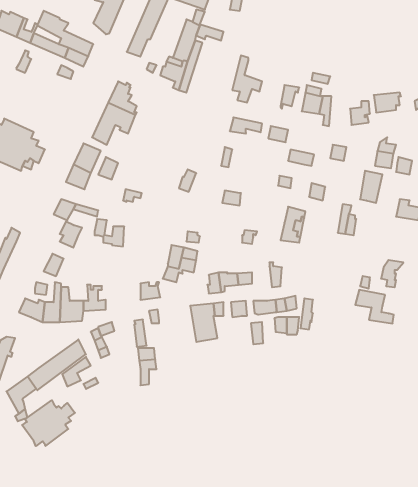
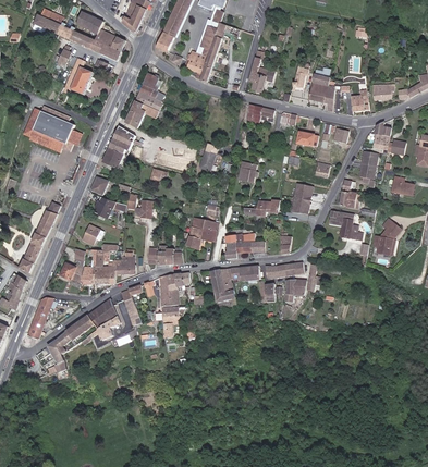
building: none -> [64,59,93,94]
building: [355,290,394,323] -> [327,211,360,241]
building: [22,400,75,446] -> none

